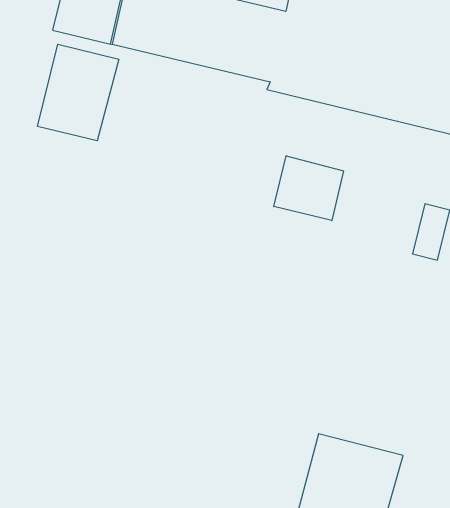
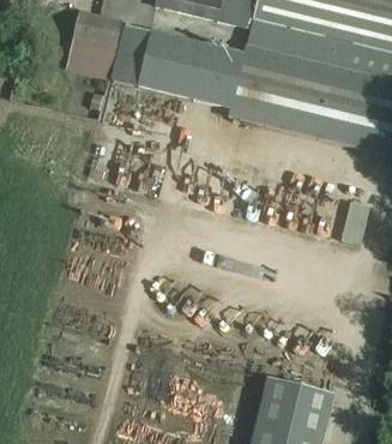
building: [38,44,119,141] -> none
building: [274,156,344,221] -> none

